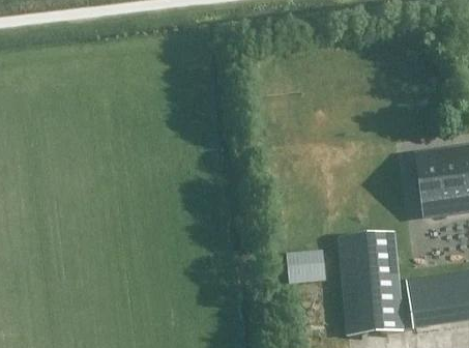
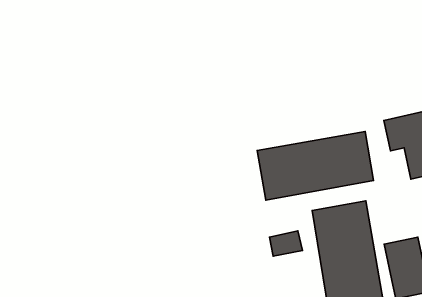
building: none -> [257,132,373,200]

